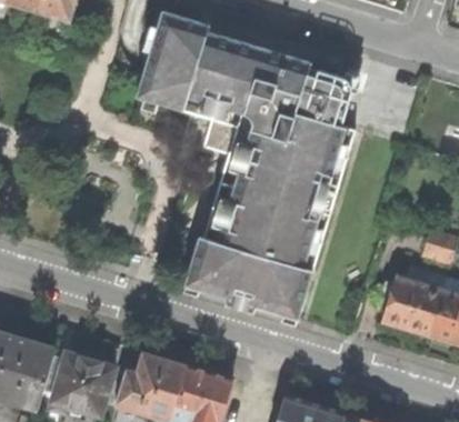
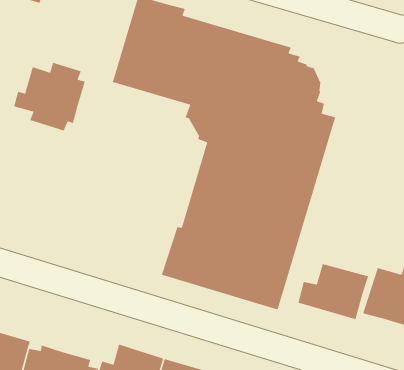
building: none -> [13,62,86,132]
building: none -> [298,263,369,320]

